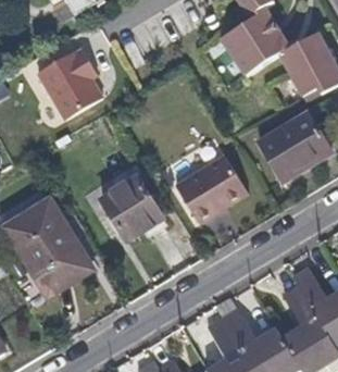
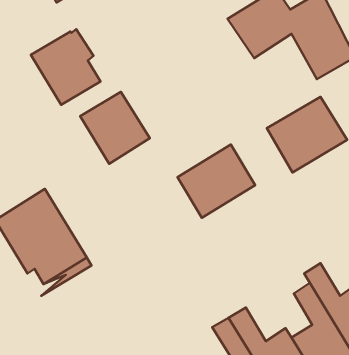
building: [99,175,164,243] -> [80,92,150,164]

